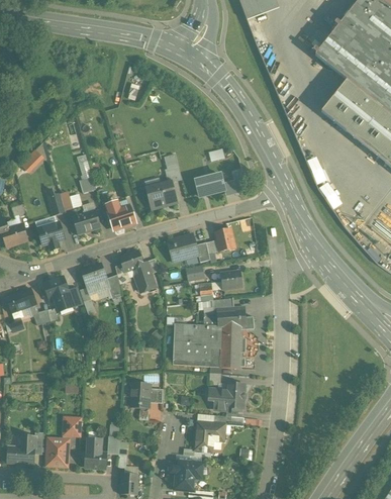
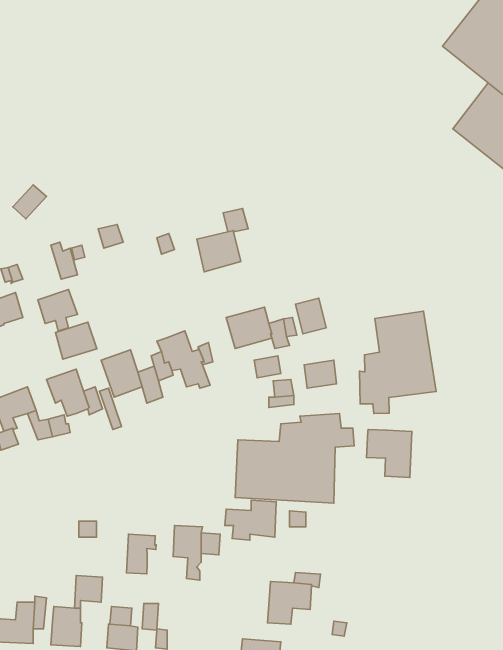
building: [195,174,224,196] -> none
building: [106,202,135,229] -> none
building: [73,209,101,234] -> [55,322,97,359]
building: none -> [360,311,436,414]
building: none -> [367,430,412,477]
building: [209,383,245,410] -> [225,500,276,540]
building: none -> [127,534,156,574]

